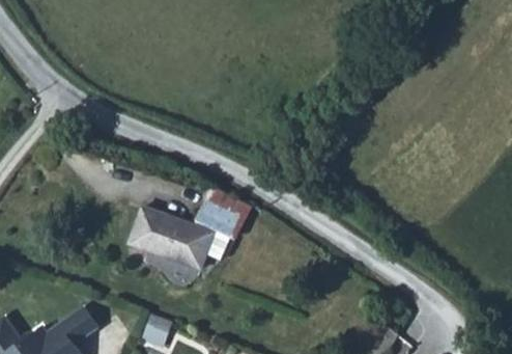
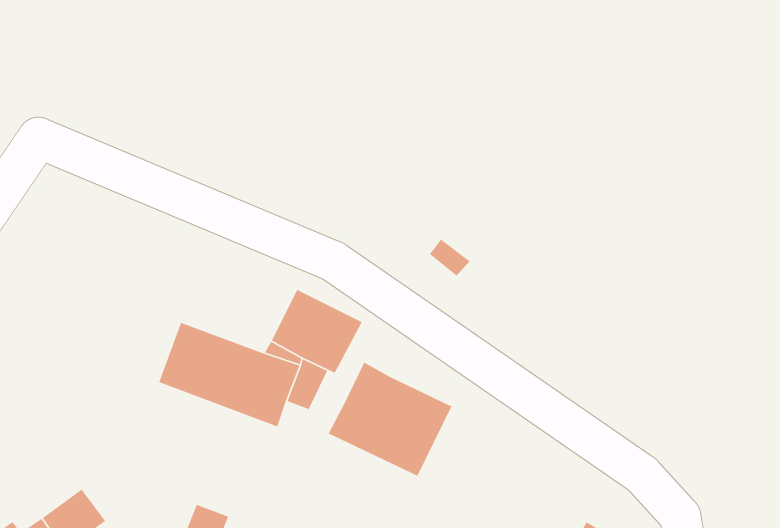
building: none -> [328,362,453,477]

